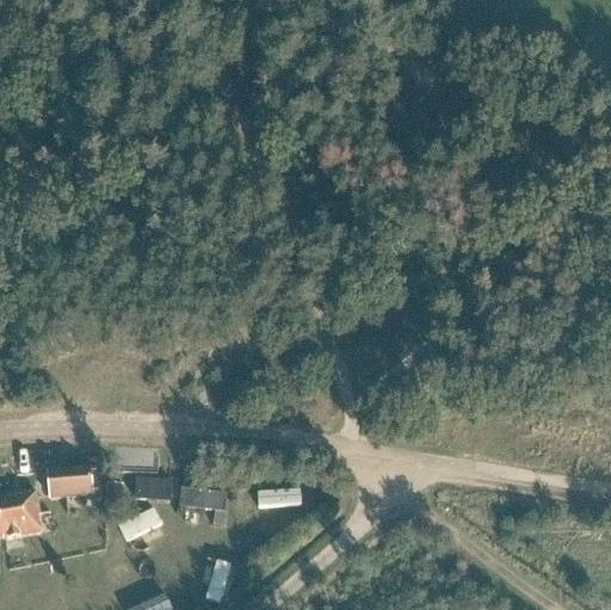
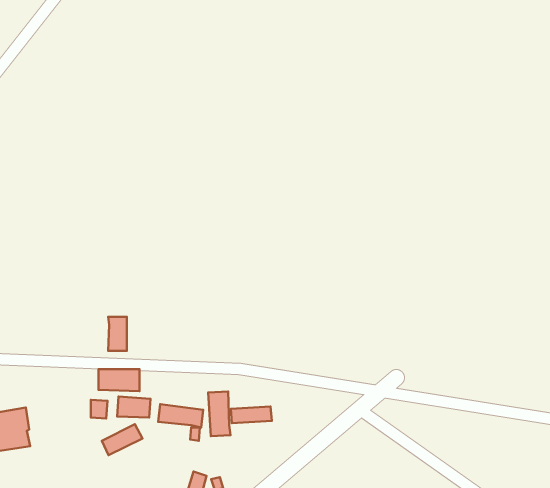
building: none -> [108,317,127,351]
building: [48,467,97,498] -> none
building: none -> [208,392,231,436]

